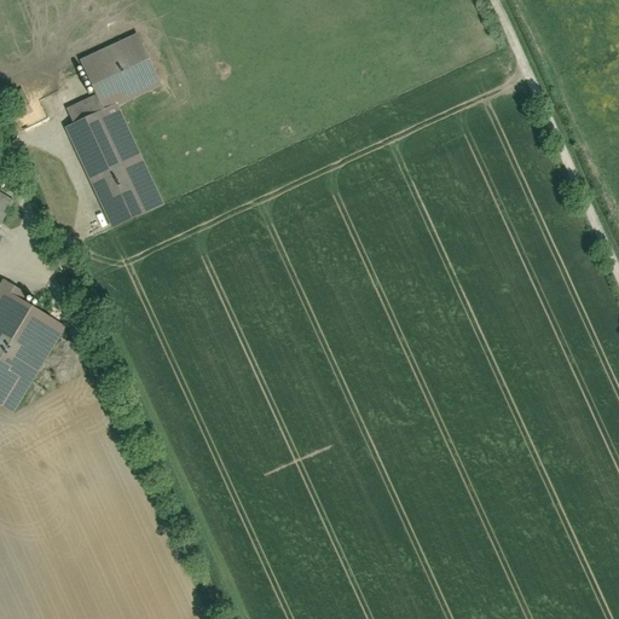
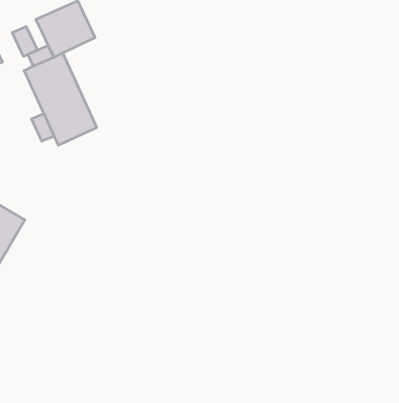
building: none -> [12,26,37,56]
building: none -> [32,114,54,141]

